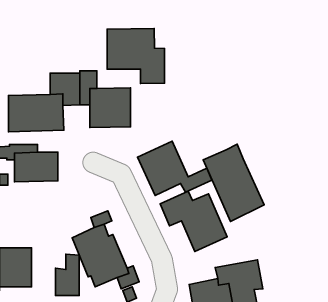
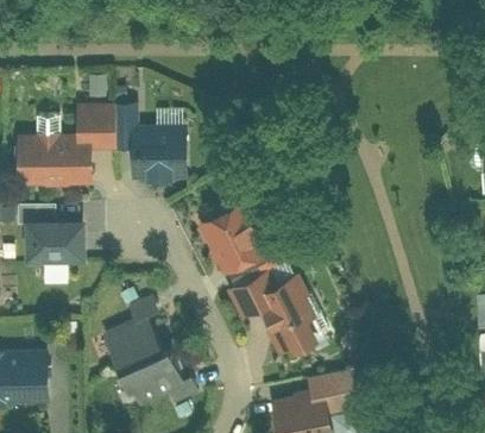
building: [107,29,165,84] -> none
building: [203,144,264,221] -> none
building: [56,254,79,296] -> none

